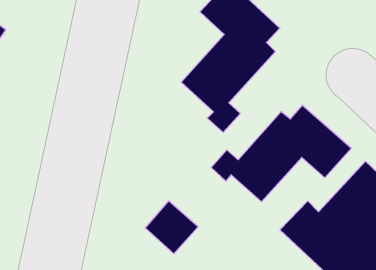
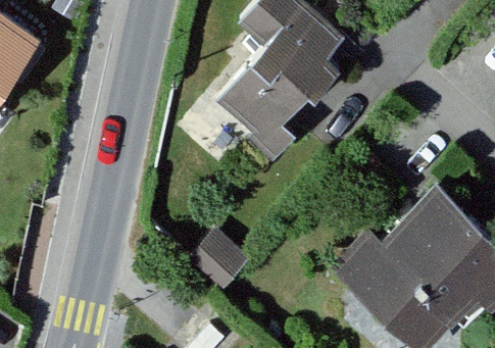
building: [211,105,351,202] -> none

